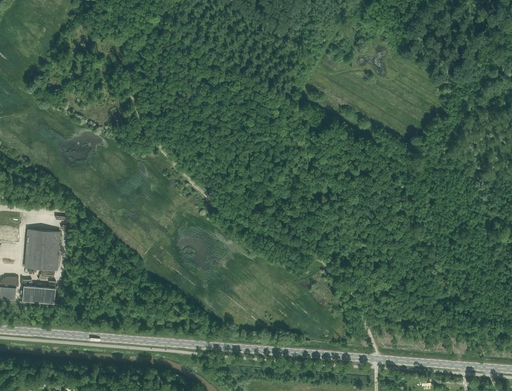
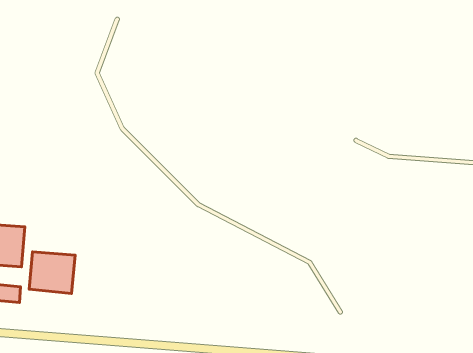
building: none -> [29,252,75,294]

